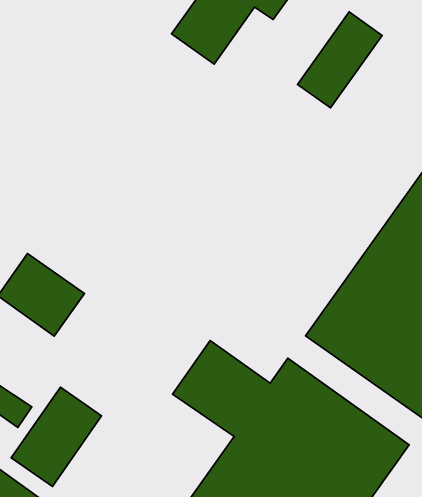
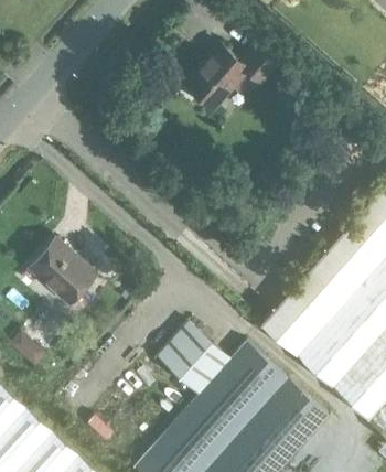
building: [298,12,382,108] -> none
building: [11,387,102,487] -> none

